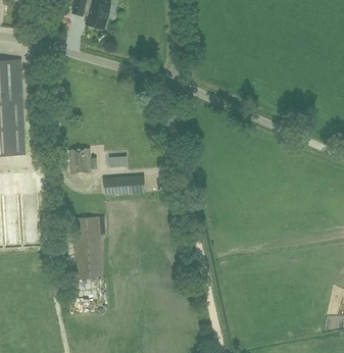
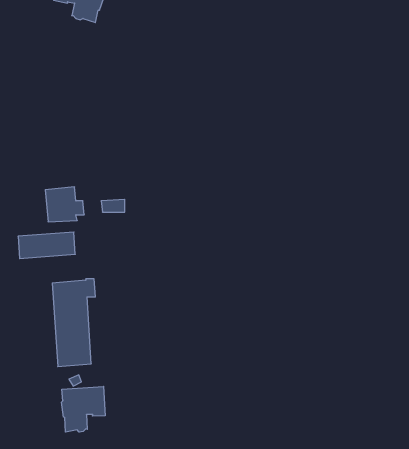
building: [103,174,145,194] -> [18,232,75,259]
building: none -> [62,386,105,432]

